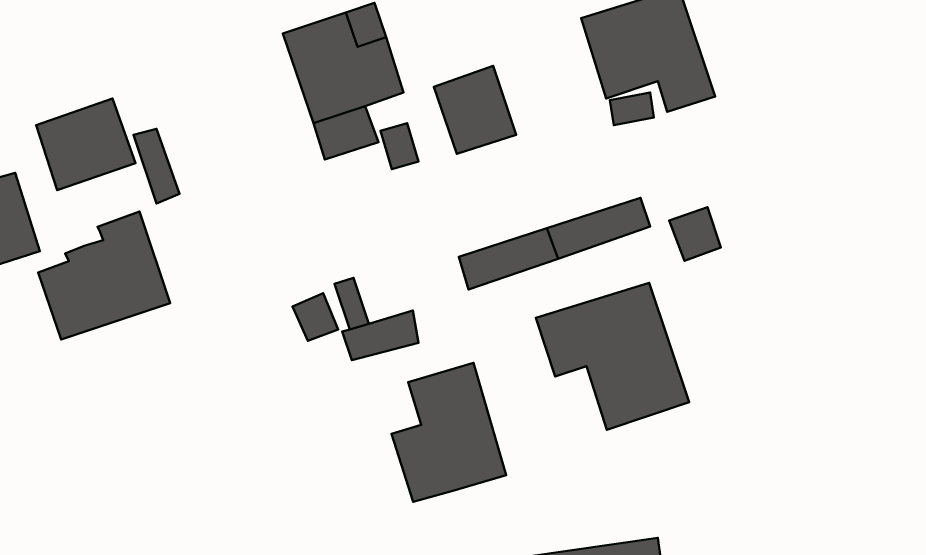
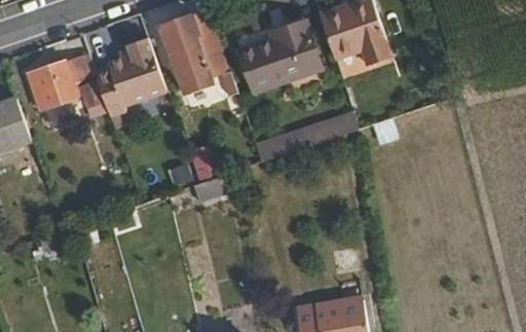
building: none -> [271,22,320,79]
building: [38,211,170,339] -> [95,36,165,105]
building: [536,283,689,430] -> none
building: [391,363,506,502] -> none

